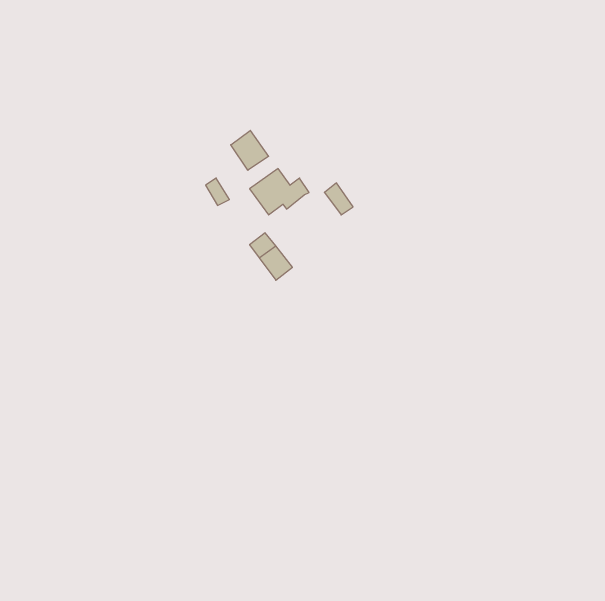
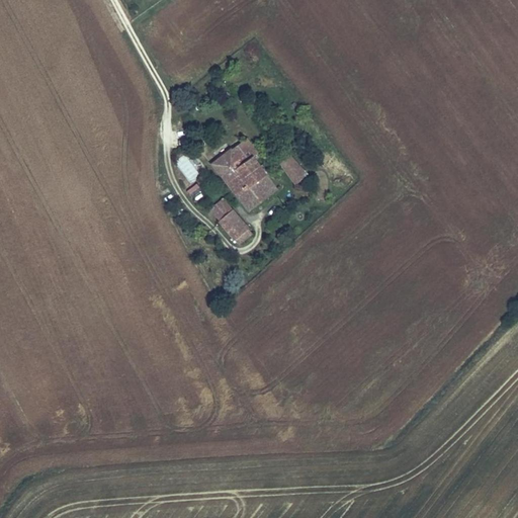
building: [231,130,269,170] -> none
building: none -> [229,166,276,206]

